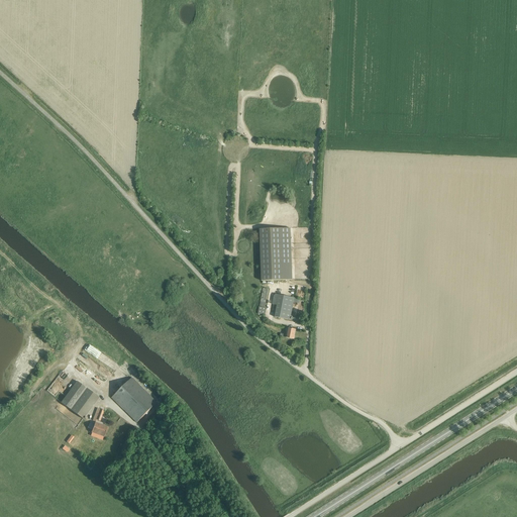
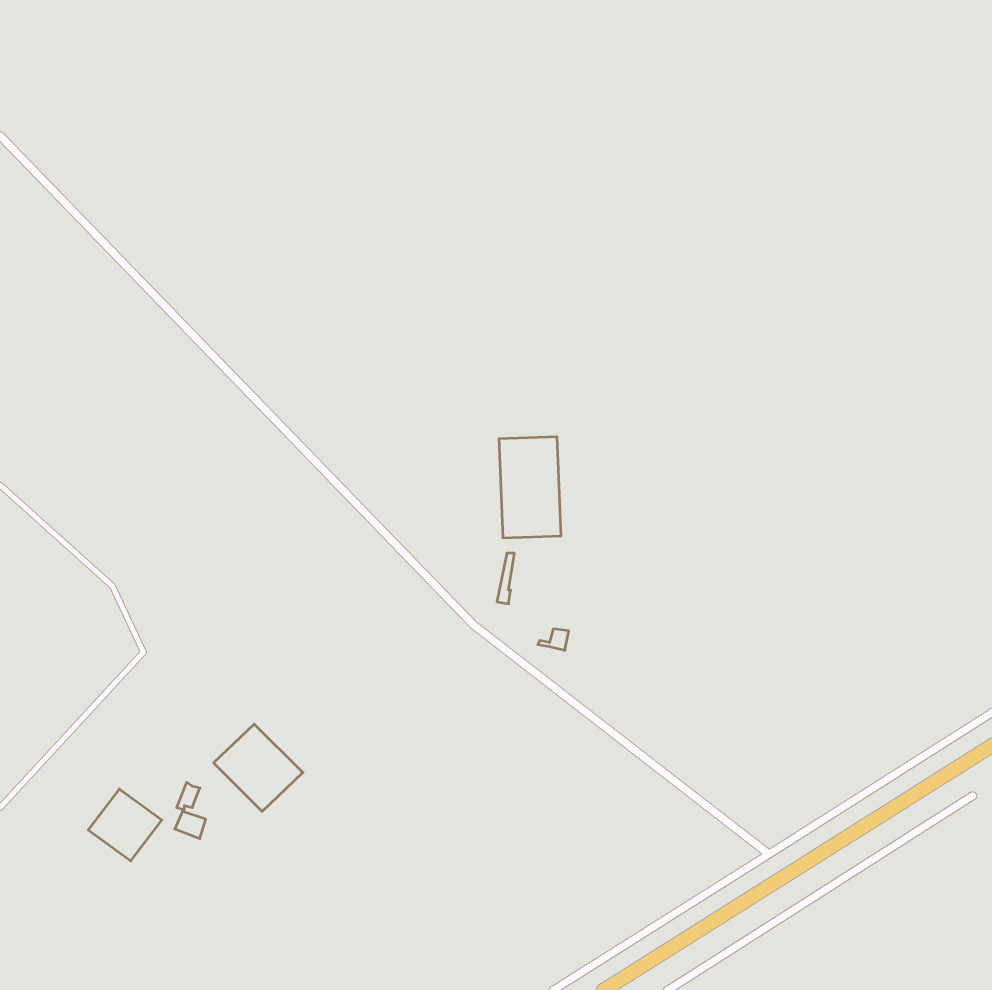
building: [273,294,301,321] -> none
building: [61,381,99,418] -> [88,789,162,861]

